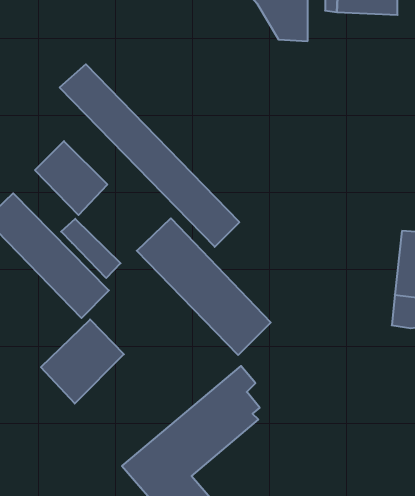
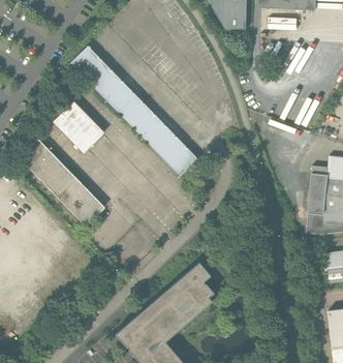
building: [137,218,271,355] -> none
building: [61,219,121,278] -> none
building: [41,319,124,404] -> none

